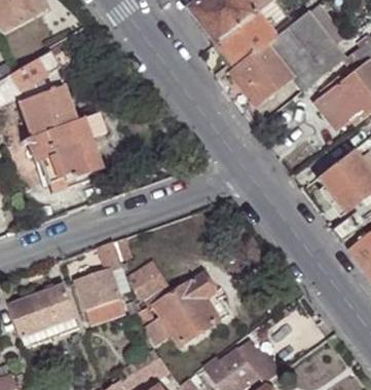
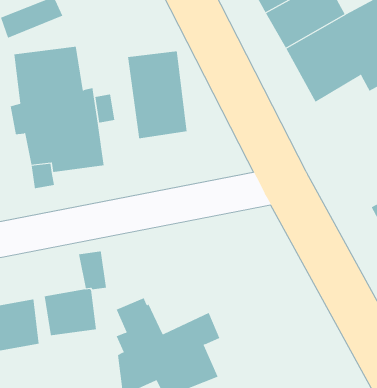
building: none -> [127,50,187,139]

